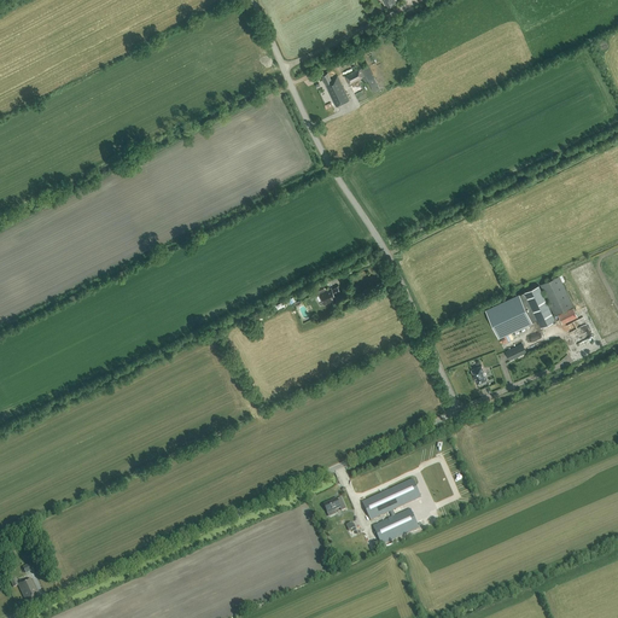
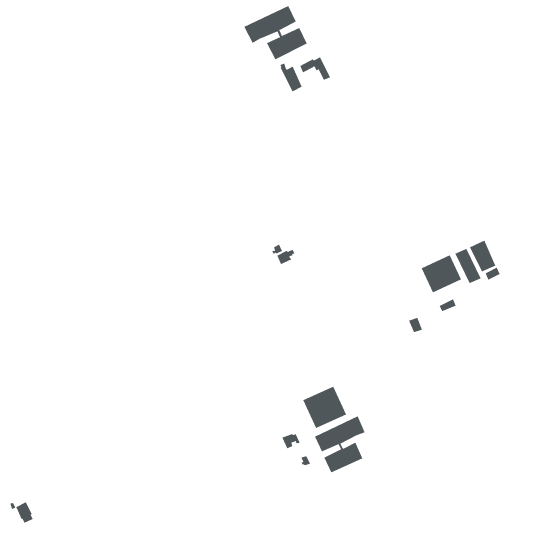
building: none -> [244,5,308,60]
building: none -> [303,386,347,429]

